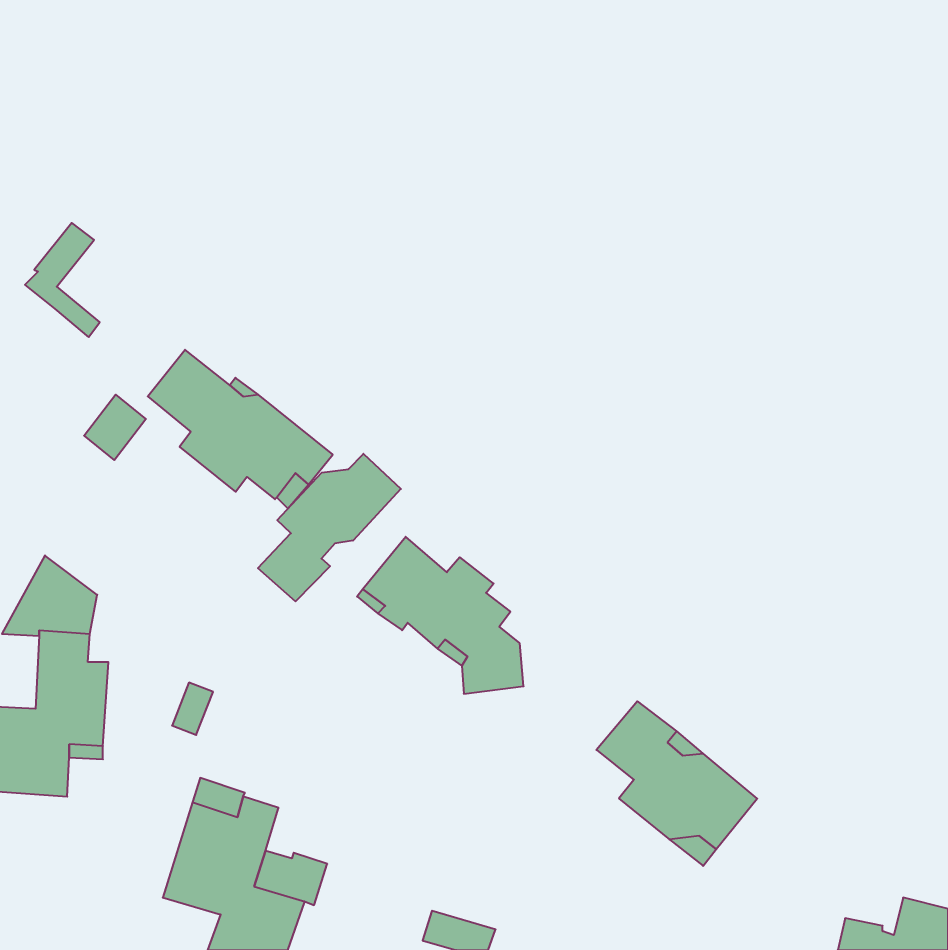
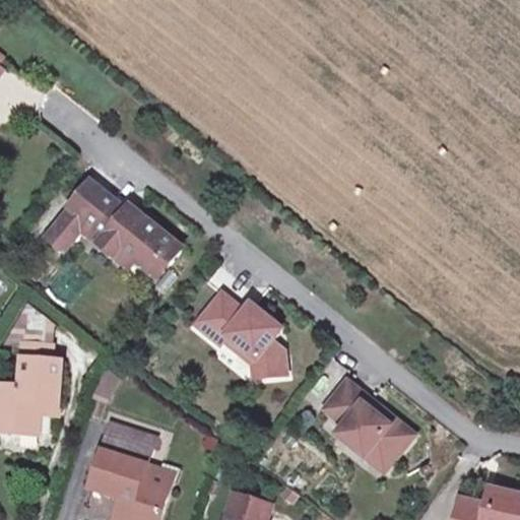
building: [25,223,100,337] -> [63,181,104,243]
building: [258,454,401,601] -> none

